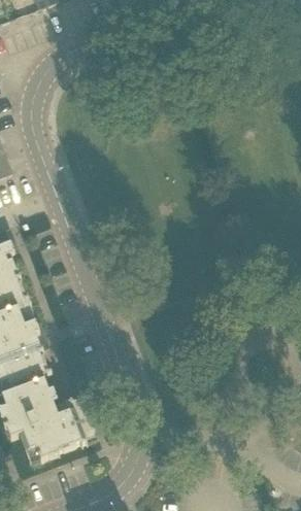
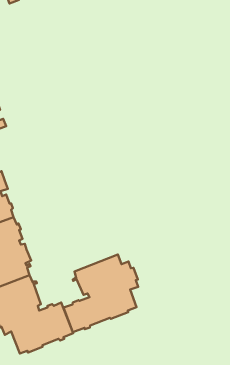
building: none -> [63,254,138,332]

